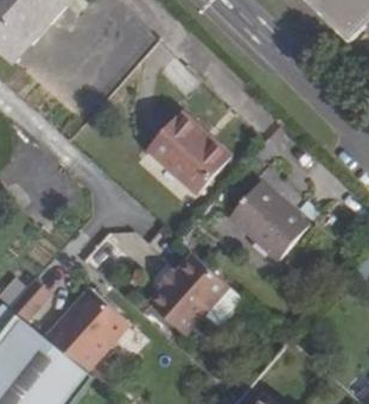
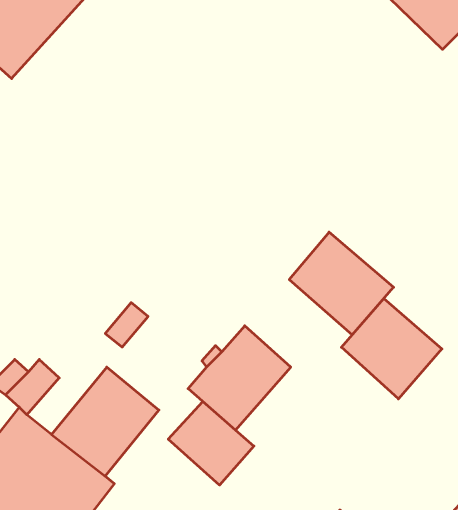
building: [146,112,229,194] -> none
building: none -> [341,299,442,399]
building: none -> [168,401,254,485]

